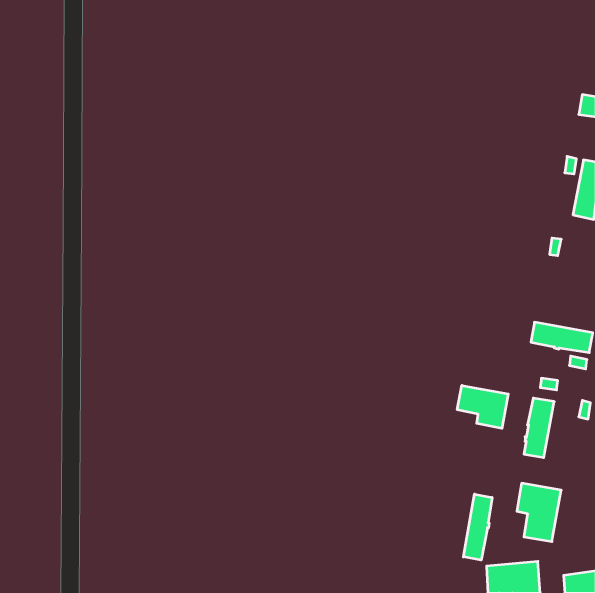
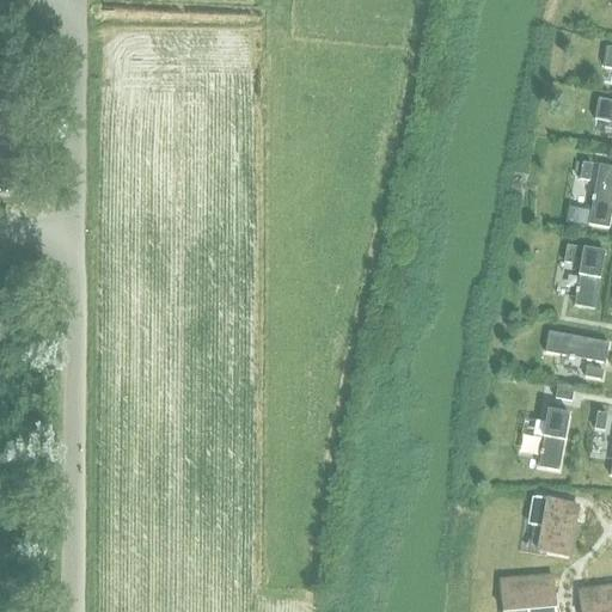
building: none -> [574,246,605,307]
building: [457,385,508,428] -> none
building: [463,494,492,560] -> none

